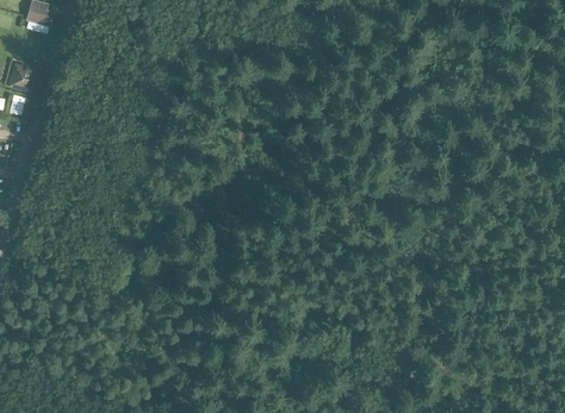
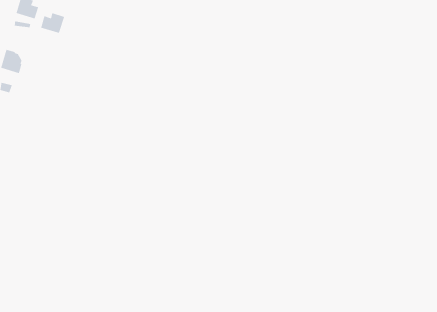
building: none -> [40,12,65,34]

